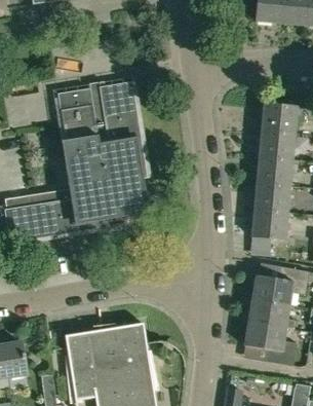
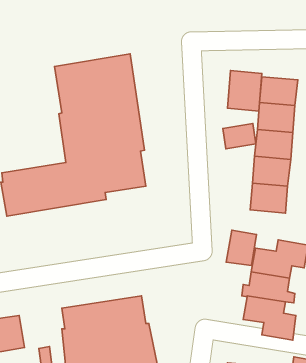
building: none -> [227,70,262,111]
building: none -> [223,124,256,149]
building: none -> [226,230,257,266]

